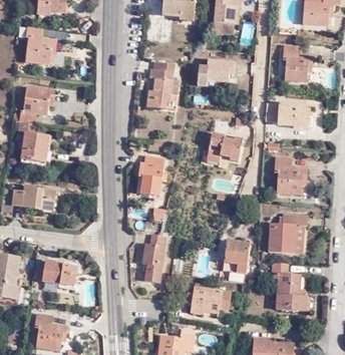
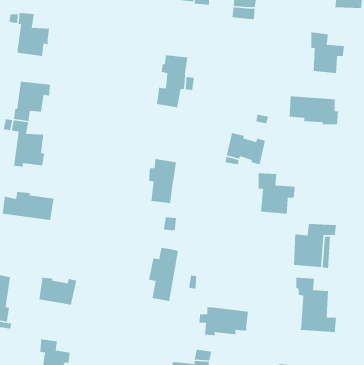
building: [197,61,233,86] -> none
building: [272,156,305,194] -> [258,172,295,215]
building: [223,242,251,274] -> none

